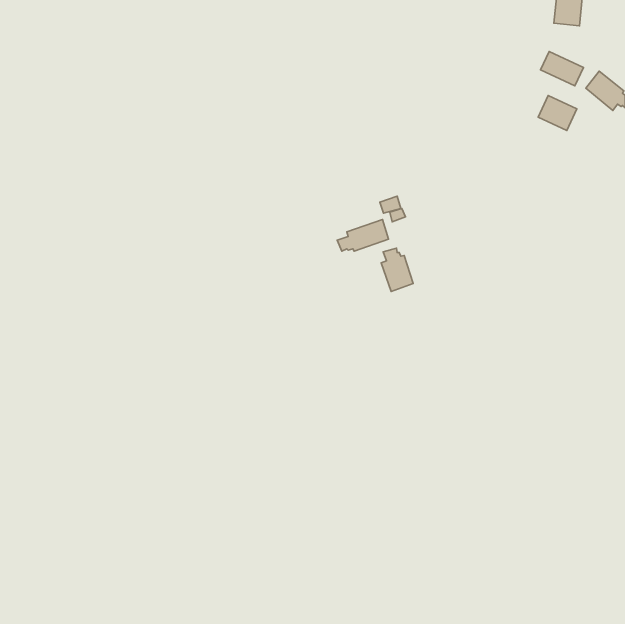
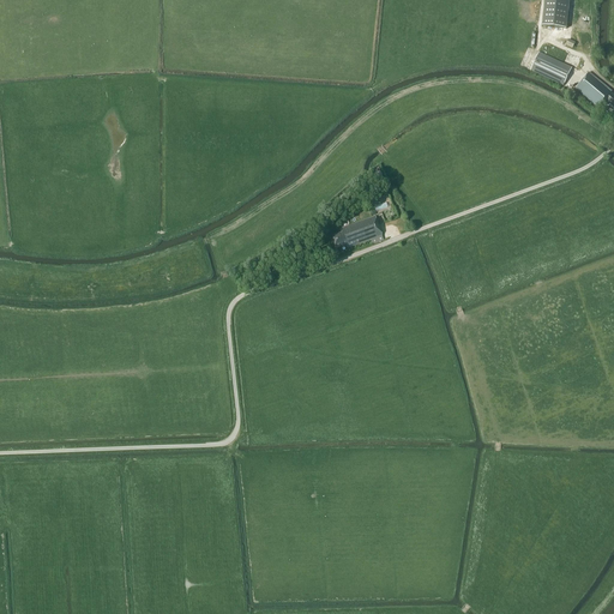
building: [538,96,577,131] -> none
building: [381,248,413,292] -> none

